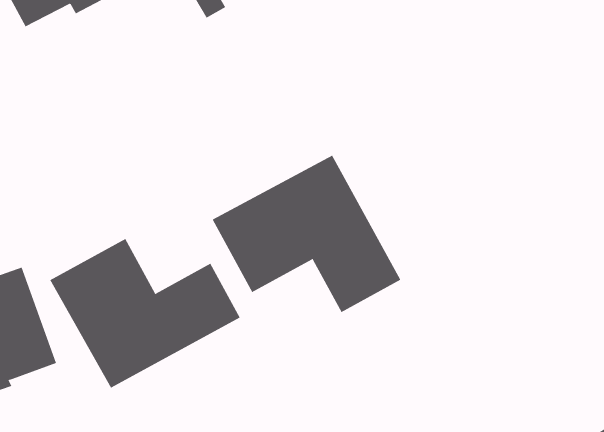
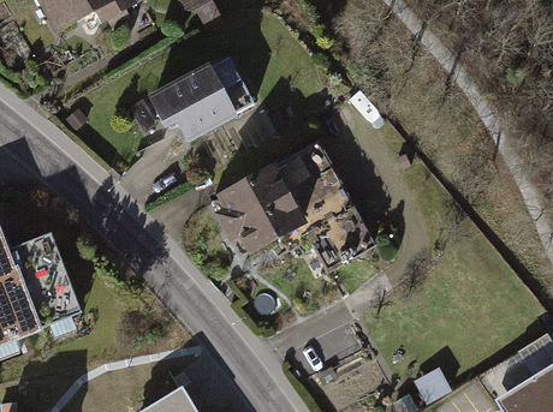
building: none -> [151,55,260,142]
building: [50,238,241,389] -> none

